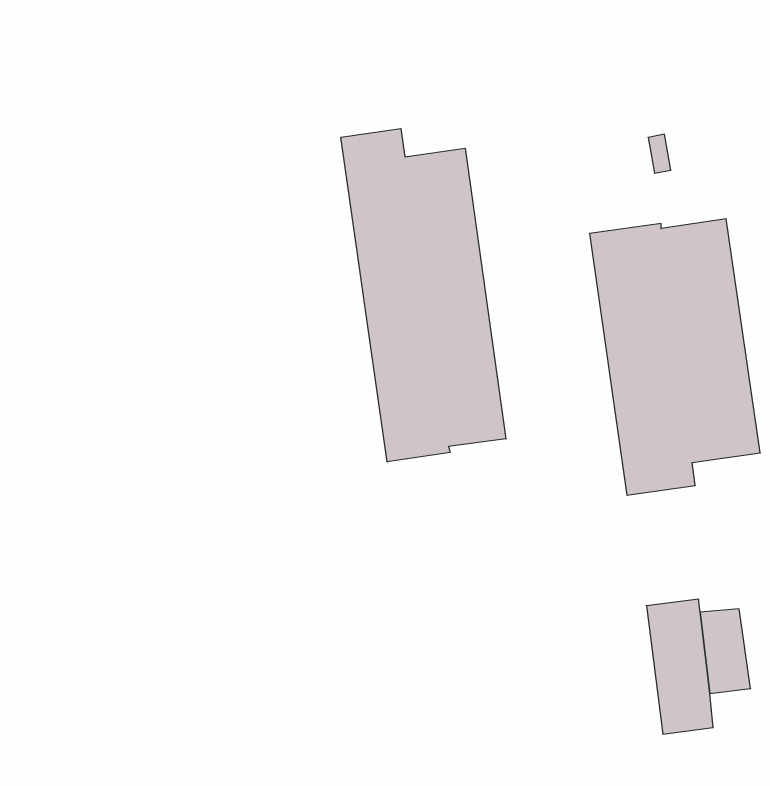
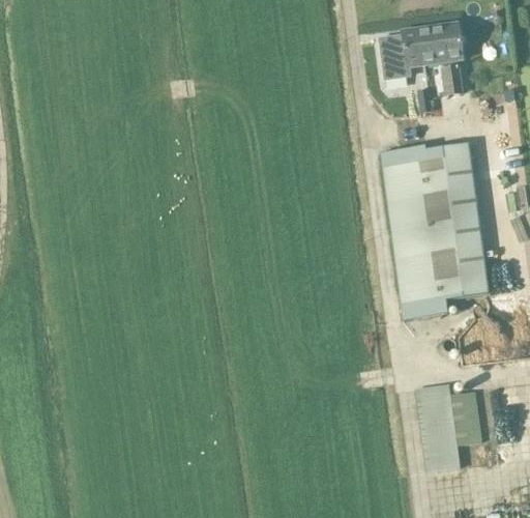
building: none -> [379,22,463,93]
building: [341,129,506,462] -> none

